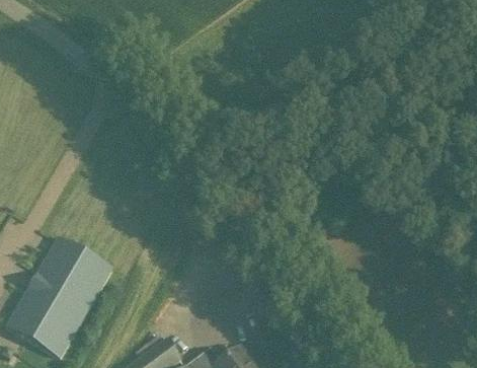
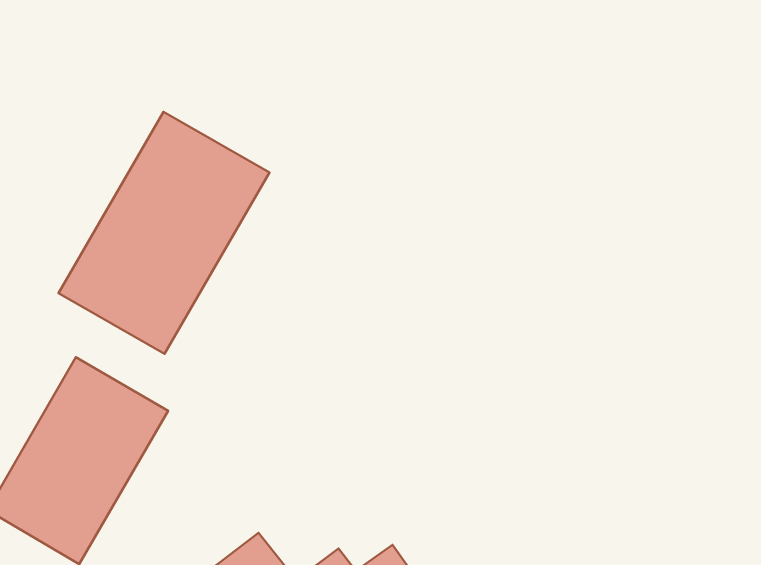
building: none -> [59,112,270,354]

